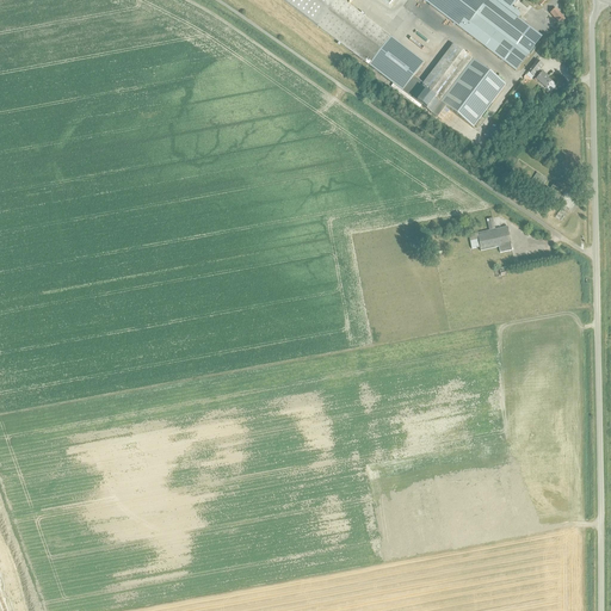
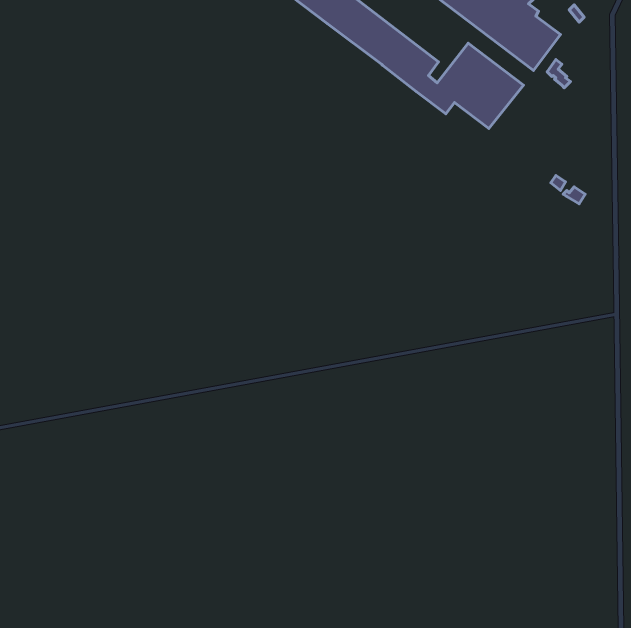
building: [469,224,512,249] -> none

